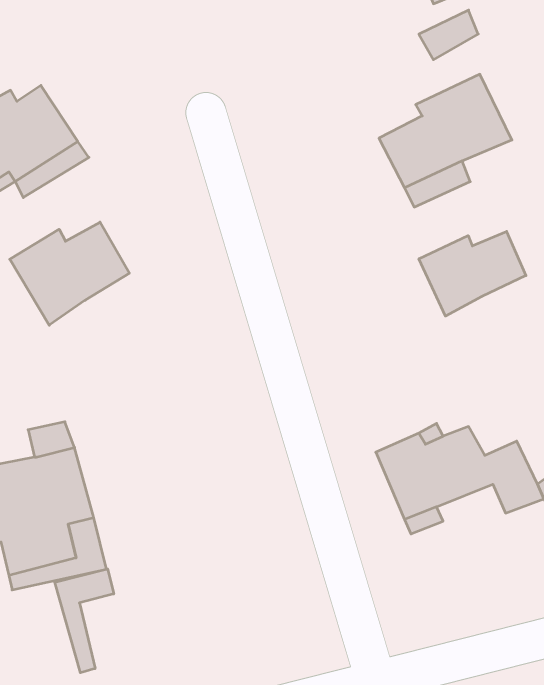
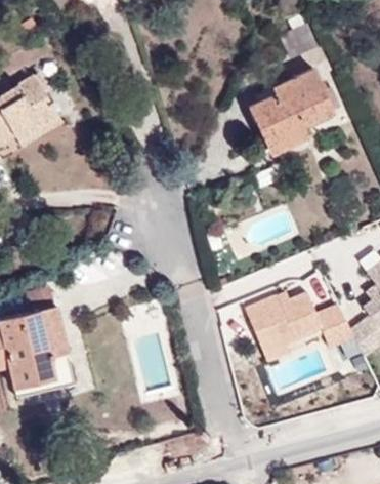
building: [10,222,129,325] -> none
building: [419,231,526,316] -> none
building: [55,569,114,673] -> none

